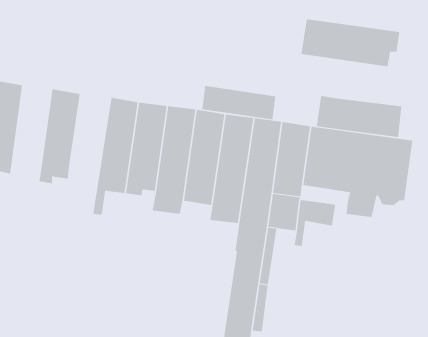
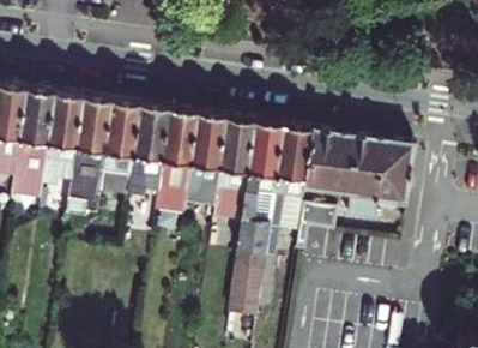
building: [301,18,400,67] -> none
building: none -> [12,89,55,200]
building: [202,85,276,120] -> none
building: none -> [67,97,114,220]
building: [316,95,402,138] -> none

